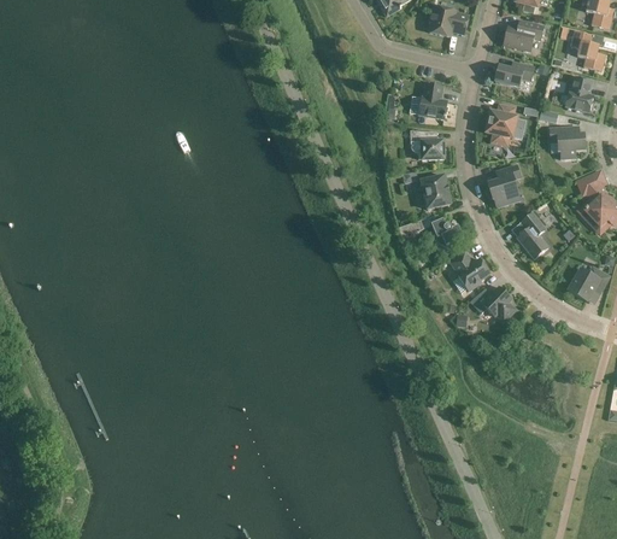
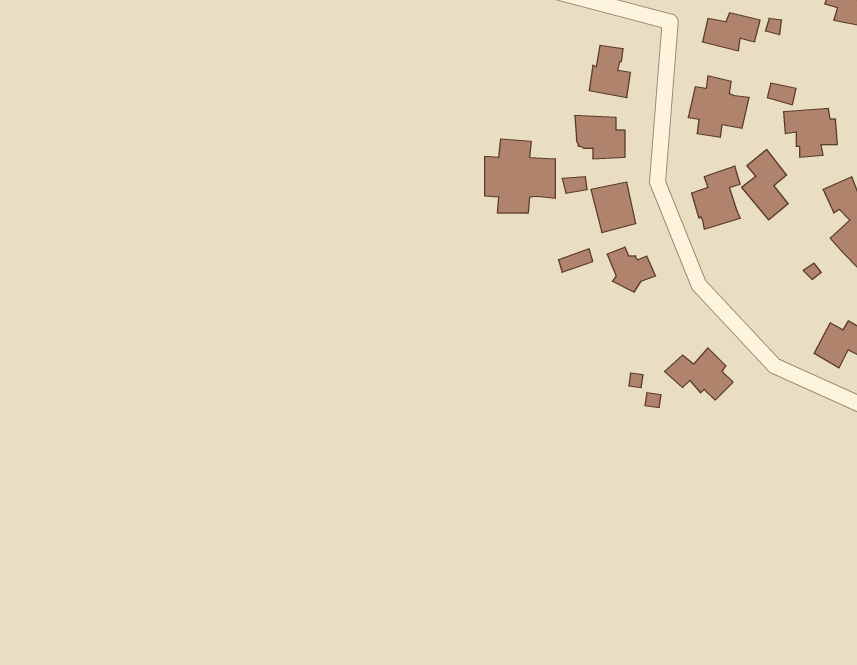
building: [565,76,593,111] -> none
building: none -> [485,139,555,213]
building: [517,211,548,258] -> [742,150,788,220]
building: [451,252,489,289] -> none

